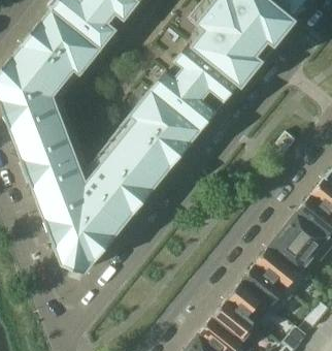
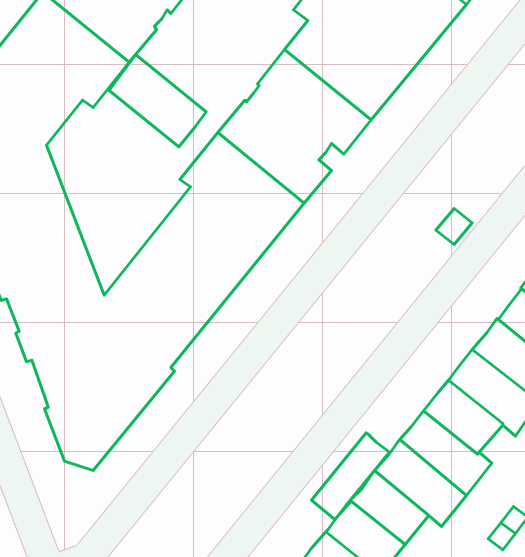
building: none -> [109,55,206,147]
building: none -> [312,433,389,519]

